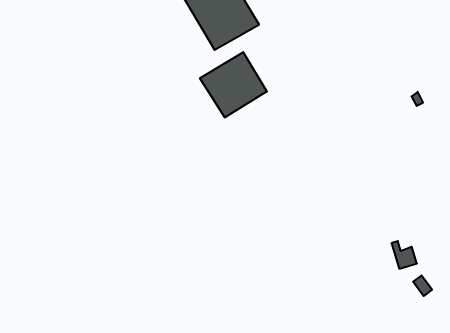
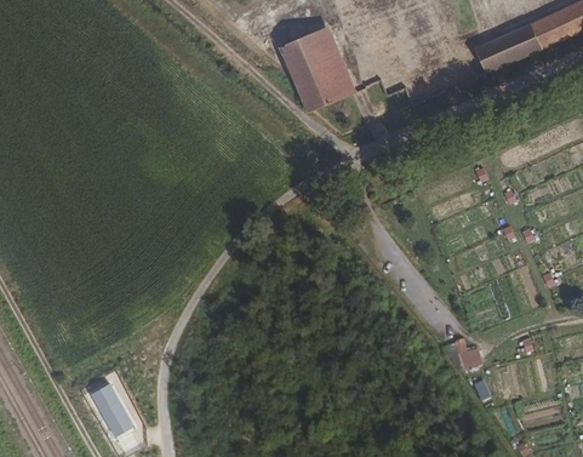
building: [200,52,267,118] -> none

